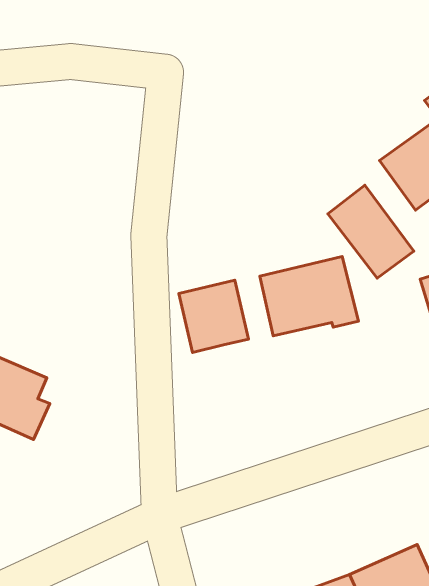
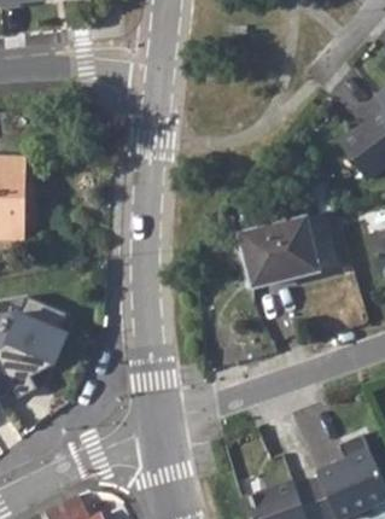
building: [328,185,414,278] -> none
building: [179,280,248,352] -> none

